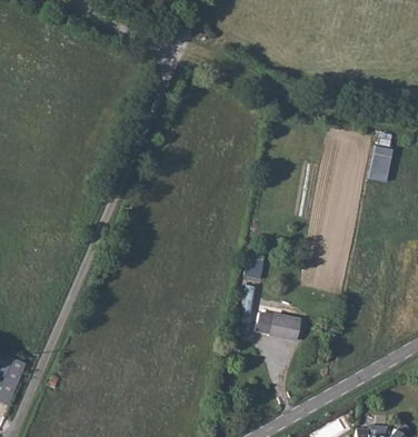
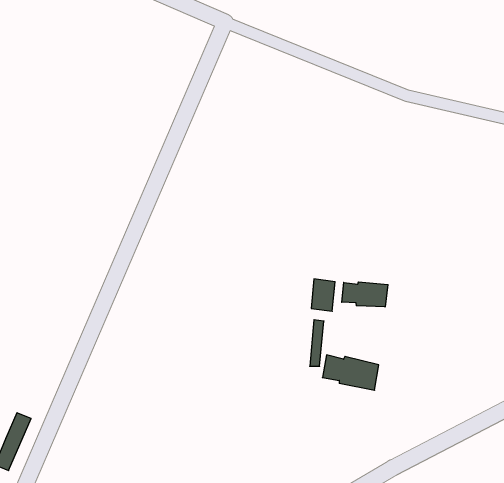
building: [369,146,391,181] -> none
building: none -> [342,282,388,307]

